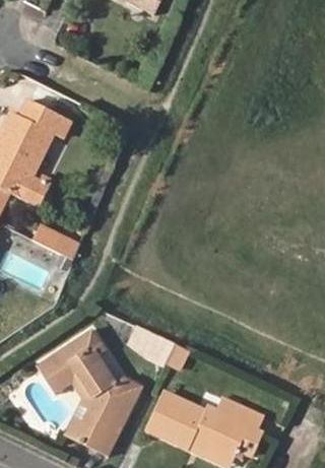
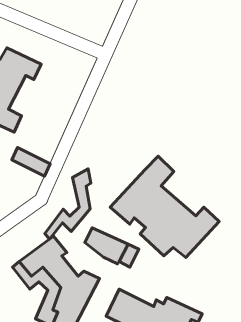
building: none -> [110,156,219,257]
building: none -> [45,169,91,239]

